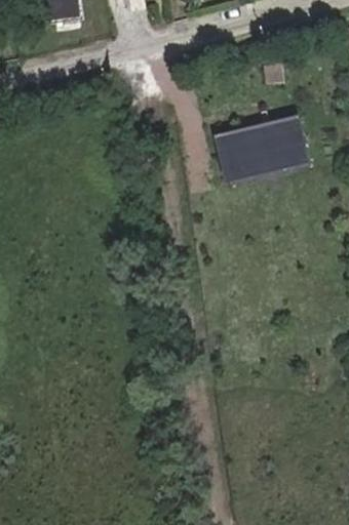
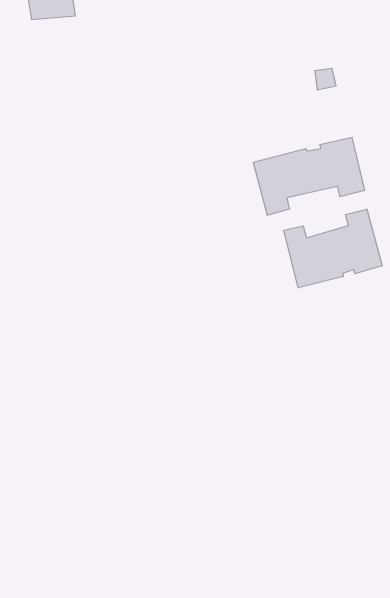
building: none -> [284,209,382,288]

